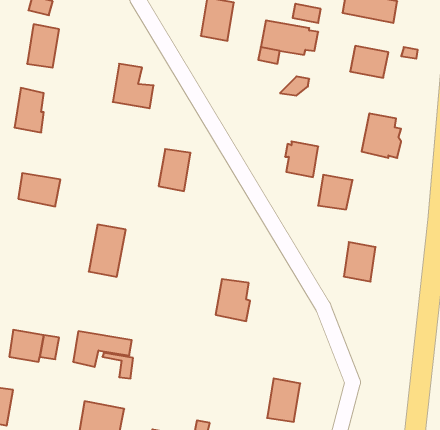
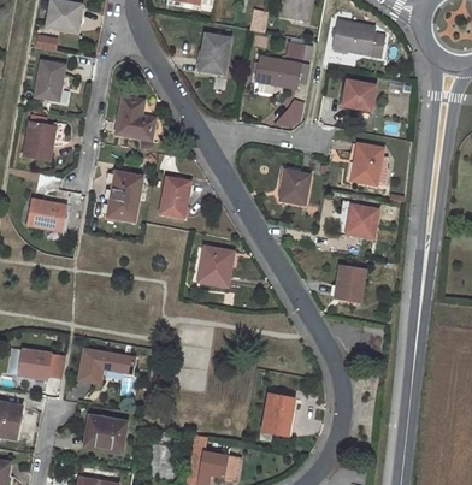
building: [318,175,353,209] -> [346,205,378,237]
building: [89,225,126,277] -> [107,171,142,220]
building: [216,279,250,321] -> [197,247,230,286]

